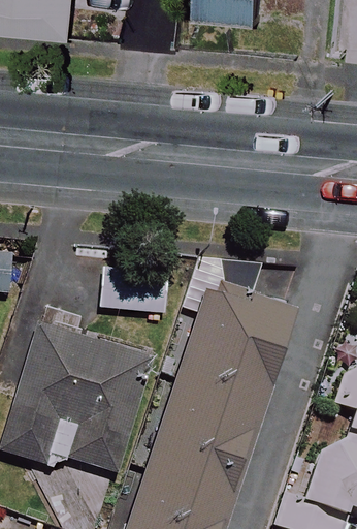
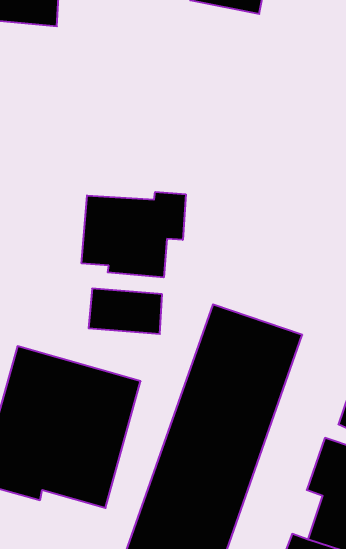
building: none -> [82,192,186,277]

